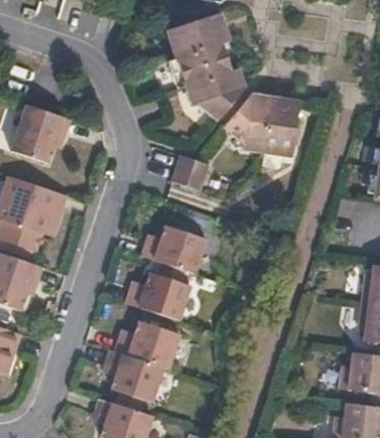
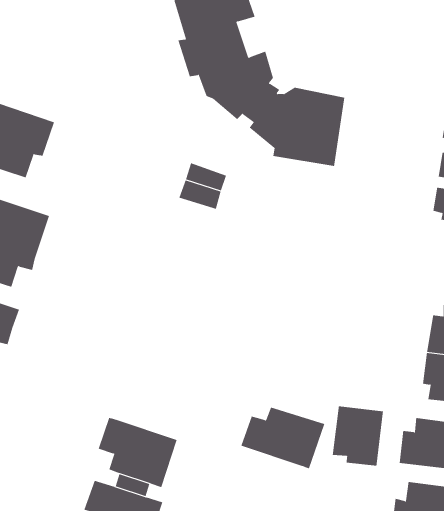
building: [129,228,208,321] -> none
building: [118,322,183,371] -> [241,407,325,469]
building: none -> [332,405,383,467]

